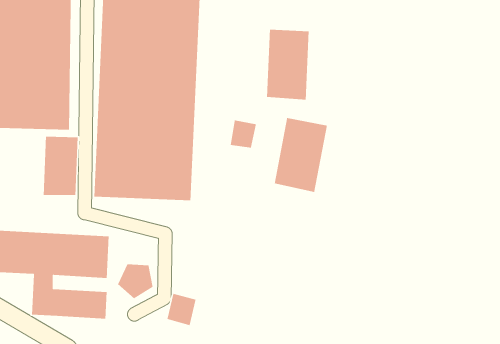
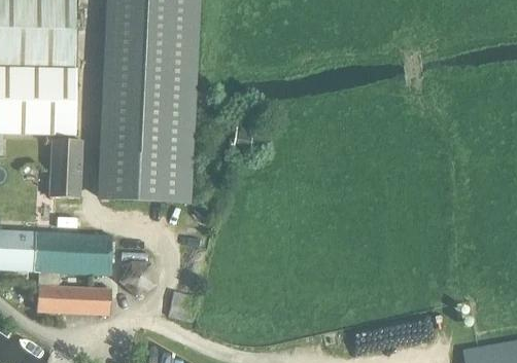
building: [266,29,310,101] -> none
building: [274,117,328,193] -> none

